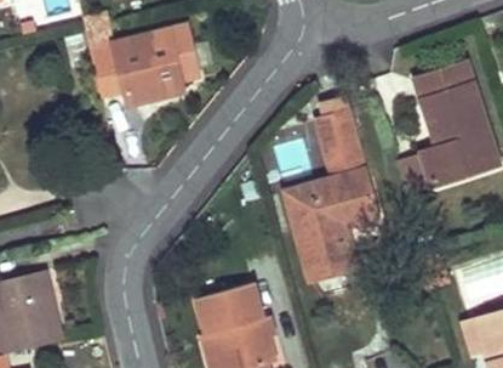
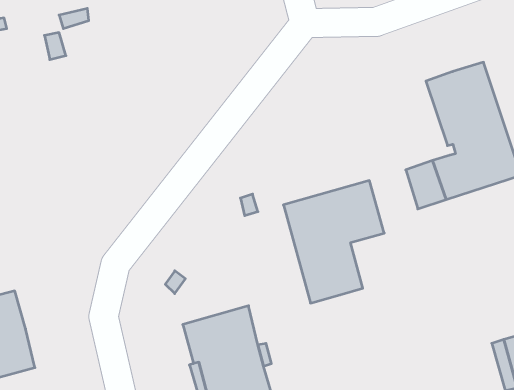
building: [92,29,198,108] -> none
building: [316,98,362,169] -> none

